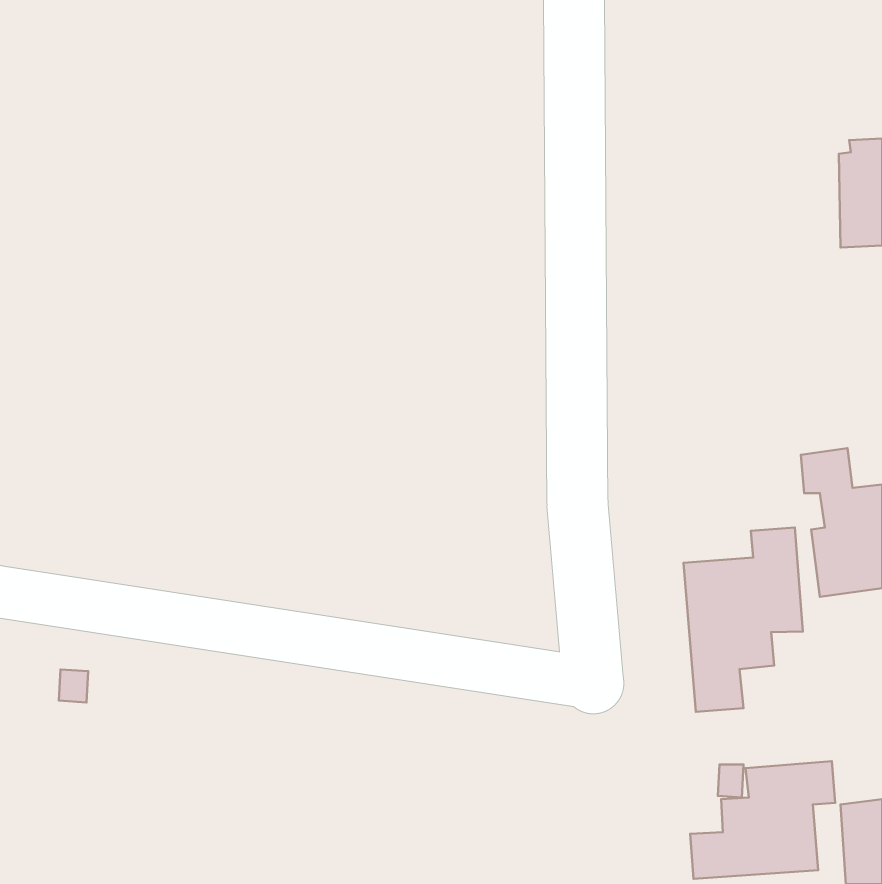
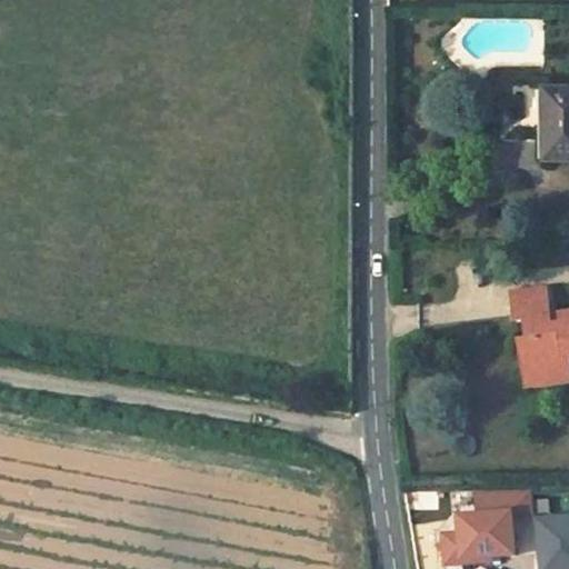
building: [683,528,803,712] -> none

